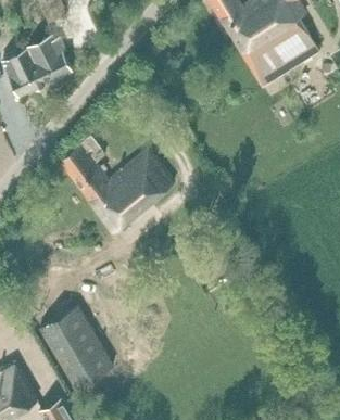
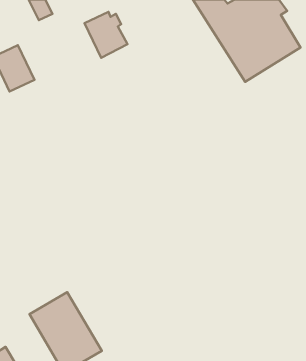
building: [27,37,72,85] -> [84,12,127,58]
building: [60,137,175,232] -> none

